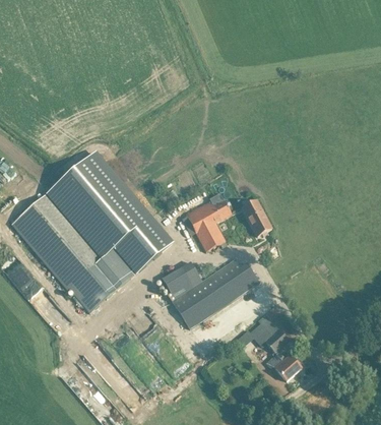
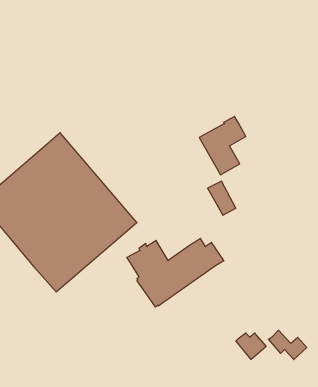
building: [184,192,231,251] -> [199,116,246,175]
building: [249,322,288,352] -> [268,330,307,360]

